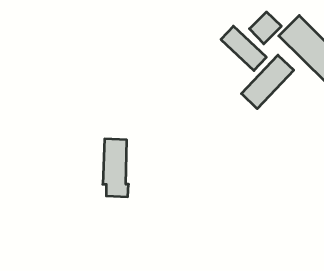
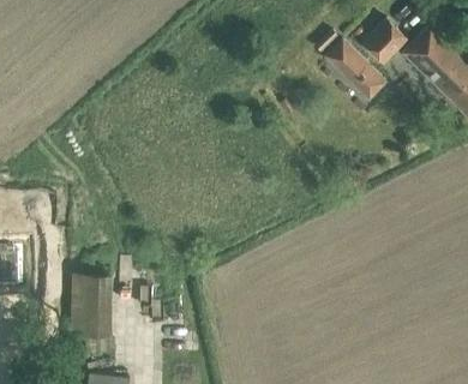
building: [241,55,294,109] -> none
building: [103,139,129,197] -> [80,272,115,350]

